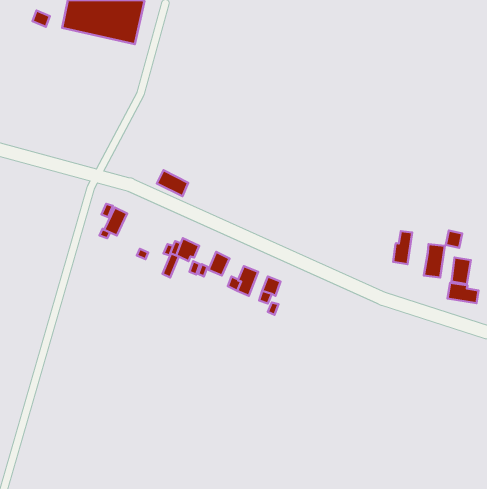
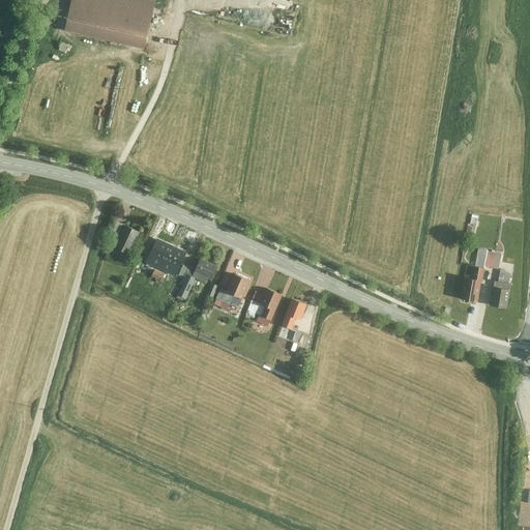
building: [157,170,188,196] -> [148,240,182,268]
building: [393,231,412,264] -> none
building: [448,283,478,303] -> none

